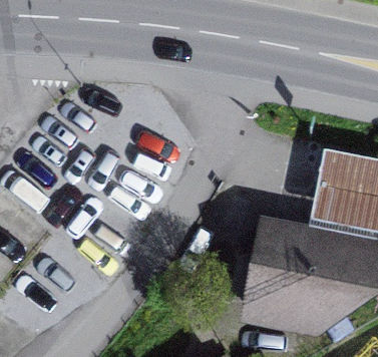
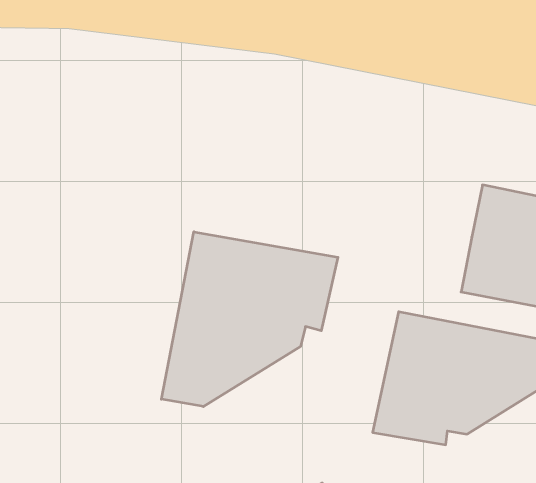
building: none -> [161,232,338,407]

